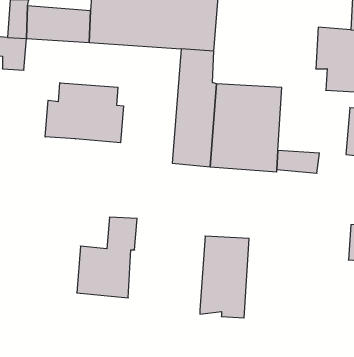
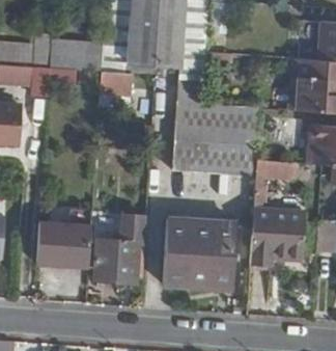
building: [45,83,123,143] -> none
building: none -> [251,211,306,268]
building: none -> [36,221,91,269]
building: none -> [160,227,198,293]

